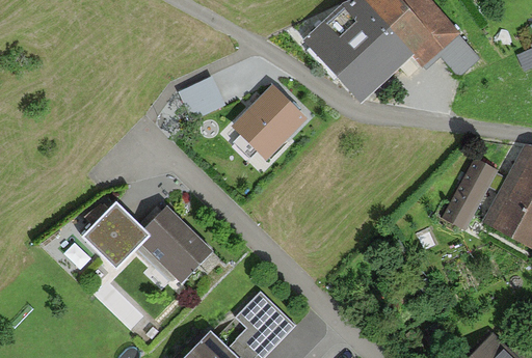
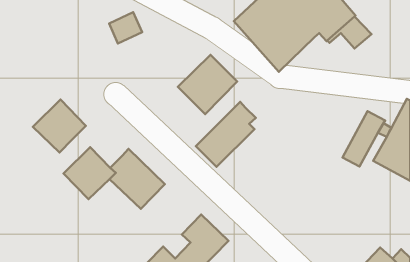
building: [180,77,222,117] -> [109,12,142,43]
building: none -> [33,100,86,153]
building: none -> [196,102,256,167]

